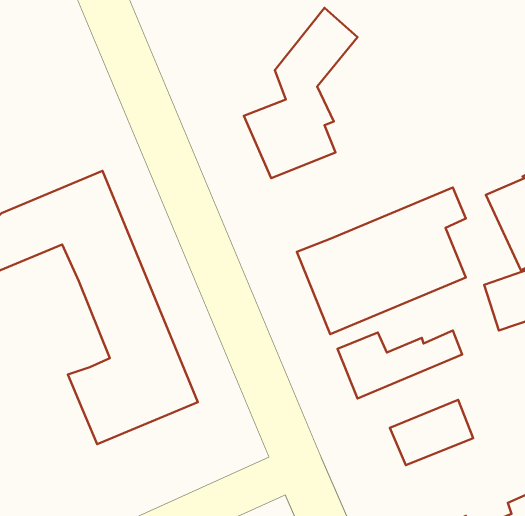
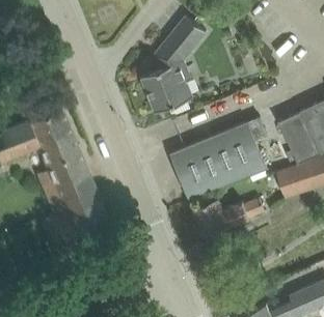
building: [390,400,473,465] -> none

